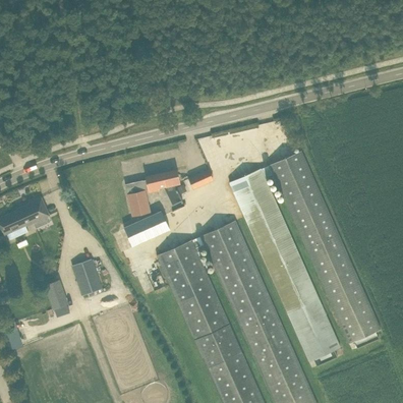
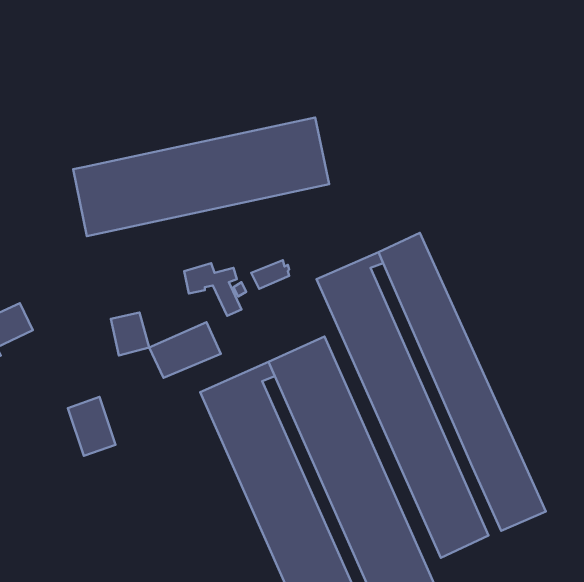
building: none -> [73,117,329,236]
building: [127,190,152,218] -> [111,313,149,356]
building: [45,282,67,309] -> none

